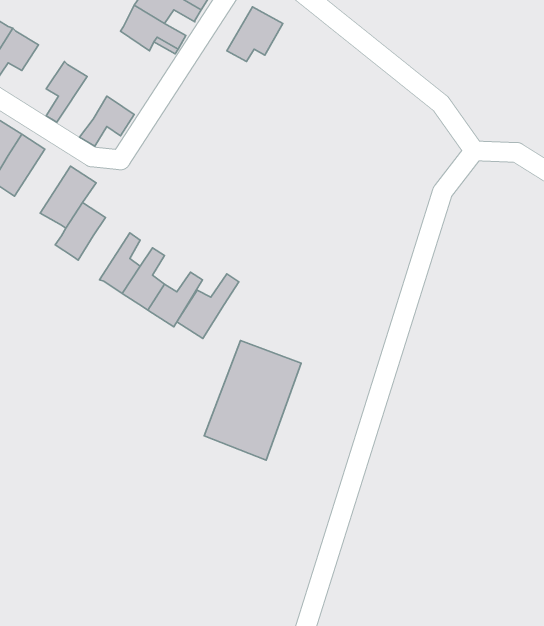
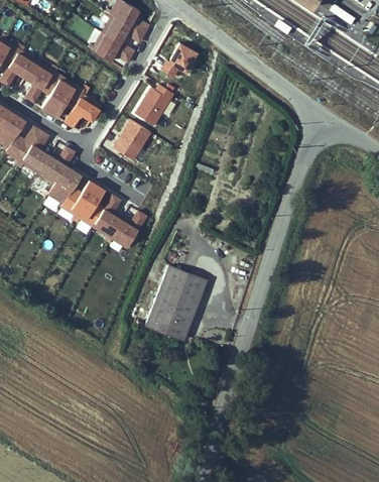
building: none -> [25,63,53,105]
building: none -> [134,78,175,123]
building: none -> [48,84,84,119]
building: none -> [112,116,151,157]
building: none -> [20,132,57,174]
building: none -> [60,183,97,219]
building: [177,274,239,339] -> none

